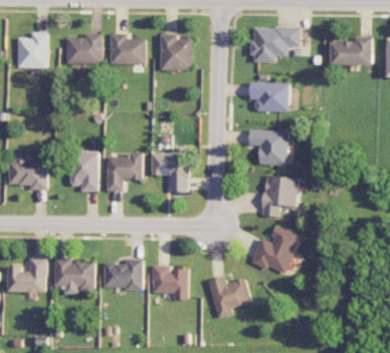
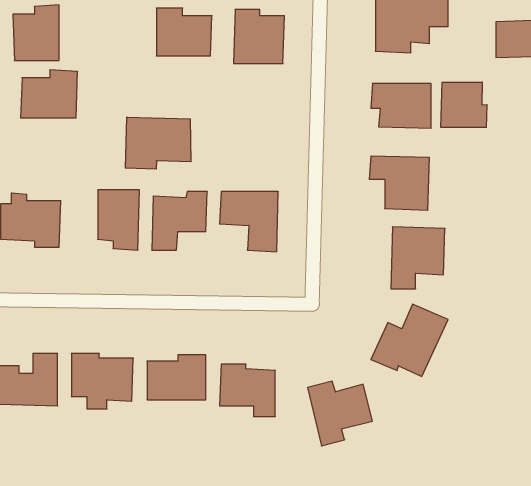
building: [65,33,103,64] -> [21,70,78,118]
building: none -> [441,82,487,127]
building: none -> [125,117,191,169]

